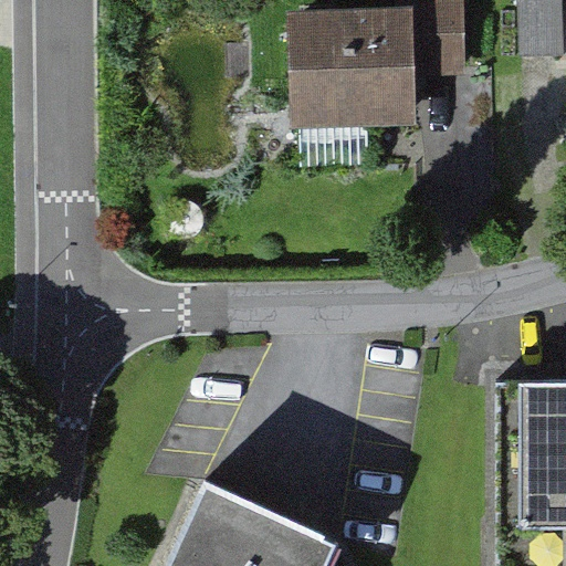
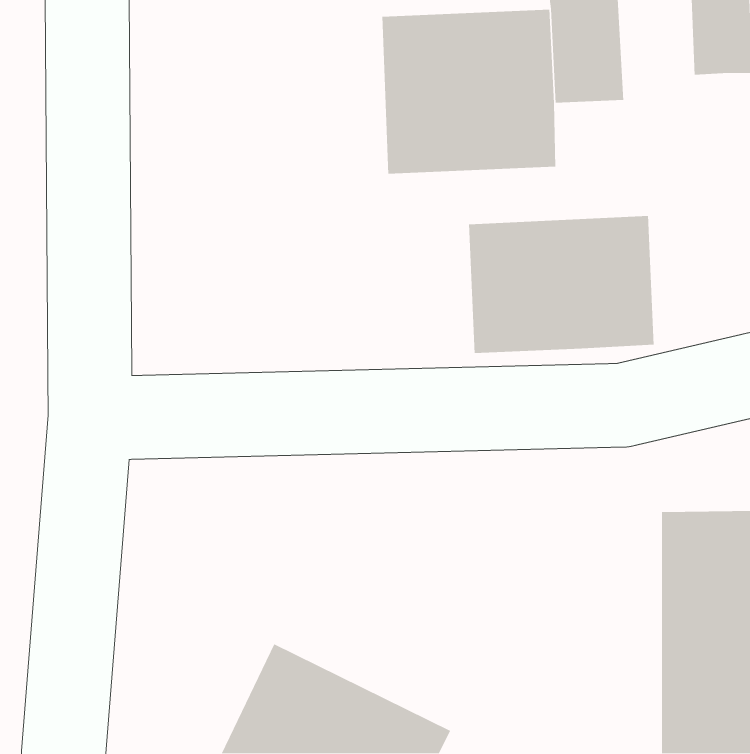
building: none -> [468,215,655,354]

